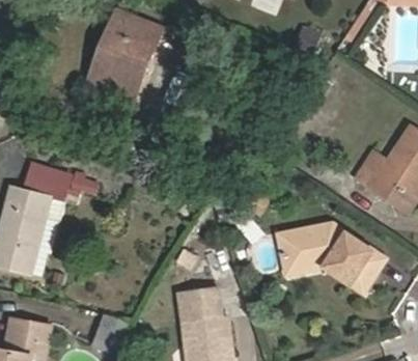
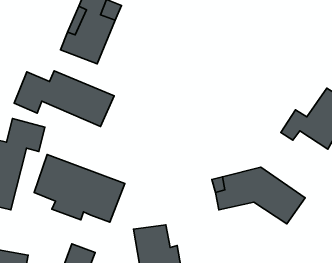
building: none -> [14,71,114,127]
building: none -> [34,154,125,222]

